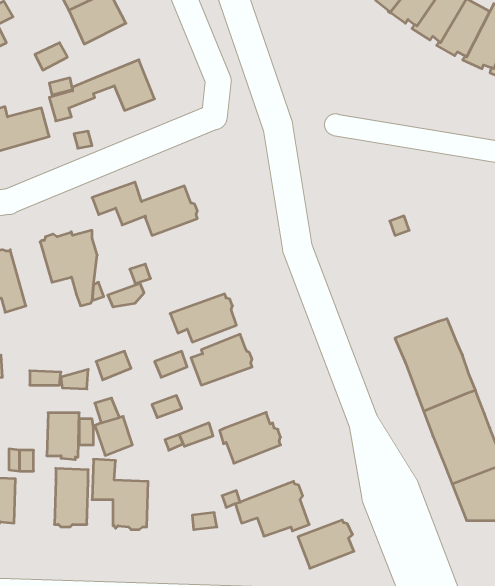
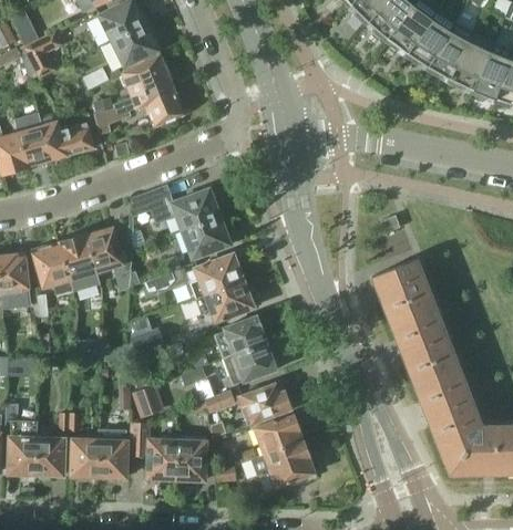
building: none -> [122,53,170,96]
building: none -> [181,216,229,258]
building: none -> [59,233,95,290]
building: none -> [189,252,243,297]
building: none -> [371,258,432,318]
building: none -> [223,342,276,384]
building: [47,413,79,460] -> [71,438,99,478]
building: none -> [176,439,206,481]
building: [298,520,354,568] -> [254,413,301,454]

